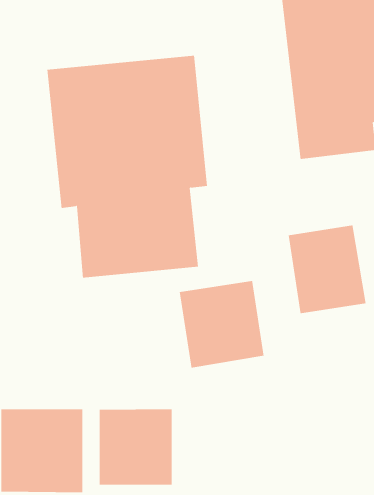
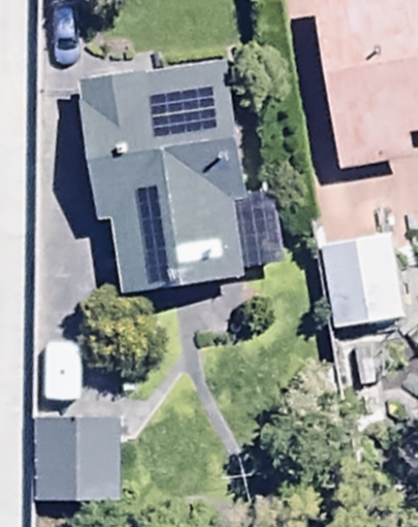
building: [179,280,264,369] -> none
building: [99,408,172,485] -> none

